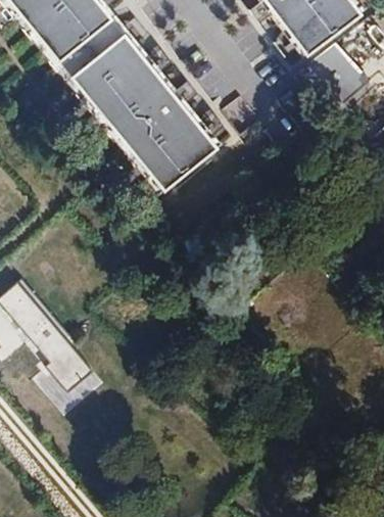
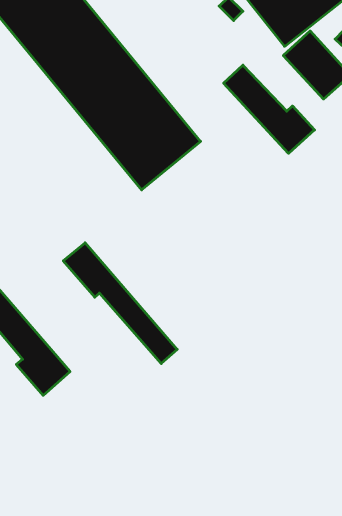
building: none -> [224,65,315,153]
building: none -> [63,243,177,364]

